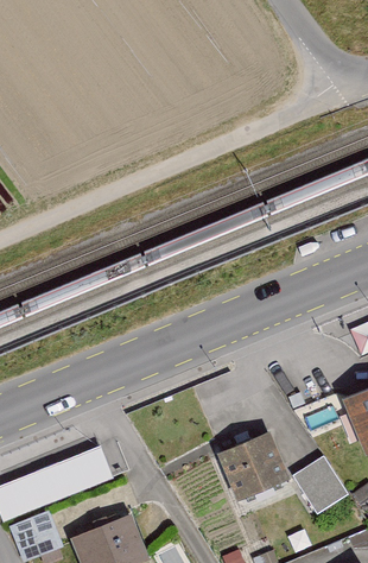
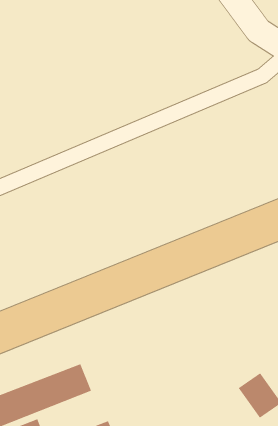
building: [215,431,288,504] -> none

